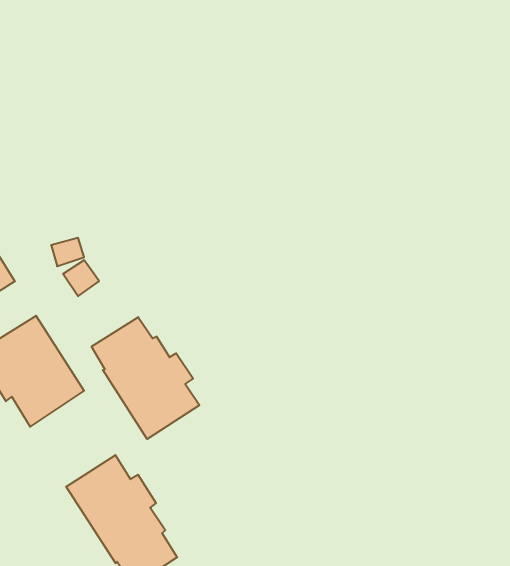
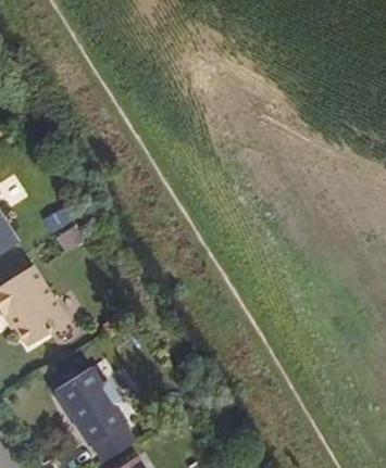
building: [92,317,199,439] -> none

